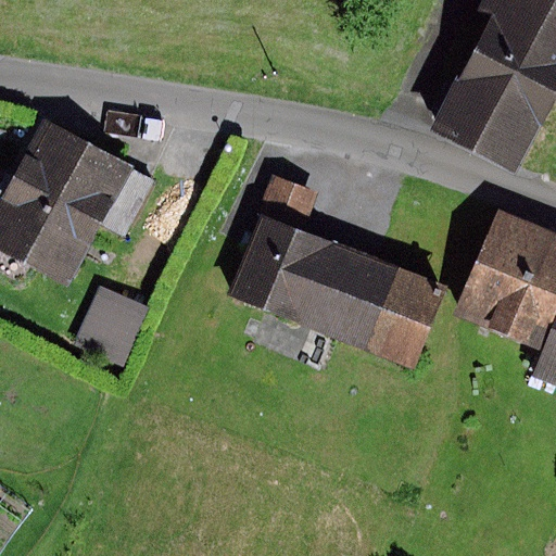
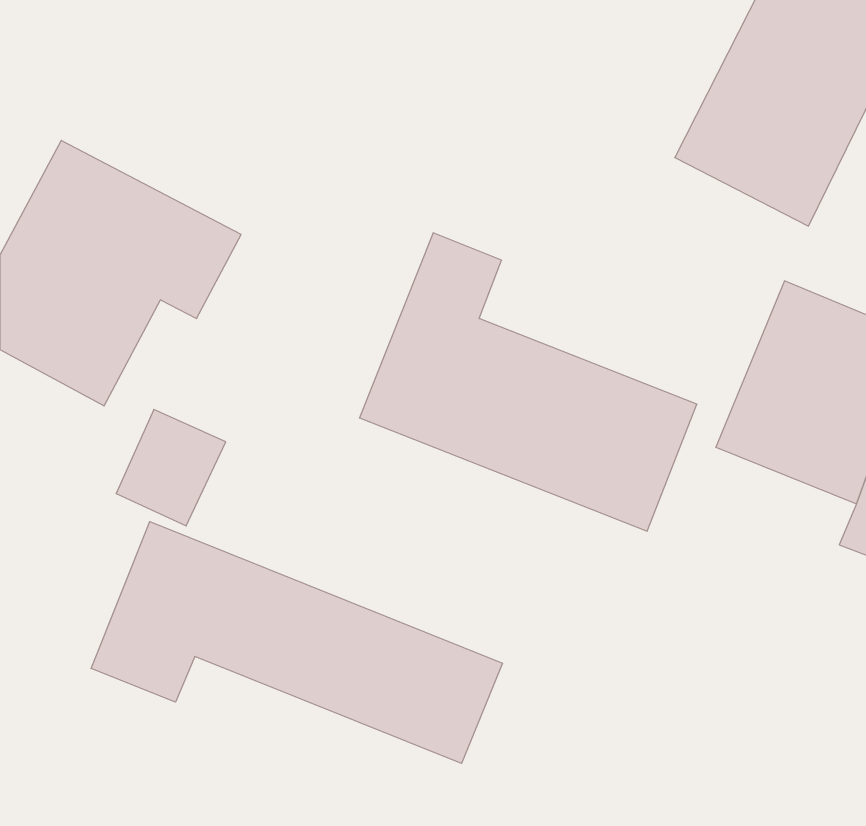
building: none -> [91,522,502,763]

